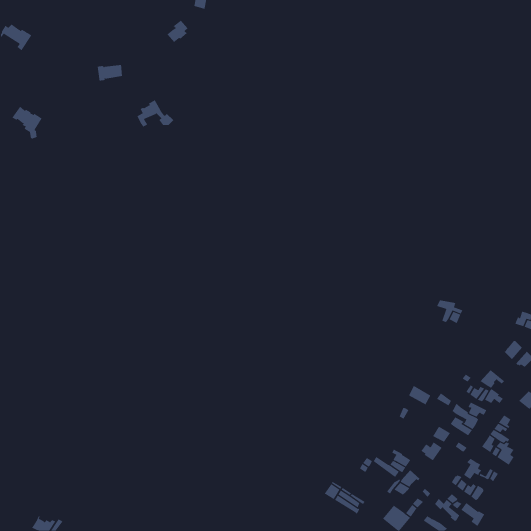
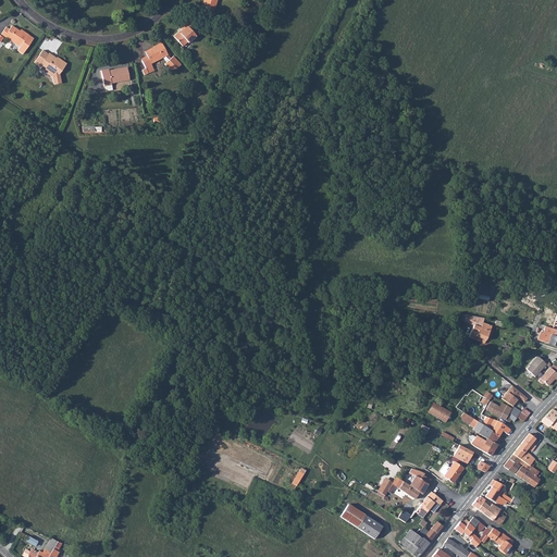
building: [137,99,174,128] -> [143,41,182,71]
building: [11,106,43,139] -> [35,49,67,84]

